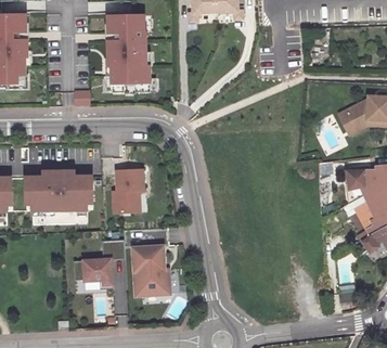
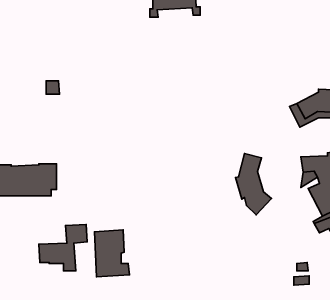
building: [106,15,149,93] -> none
building: none -> [236,153,271,215]
building: [111,170,142,212] -> none

